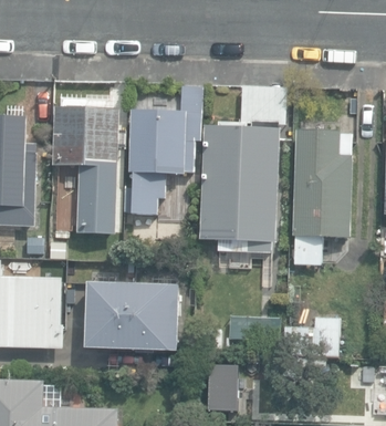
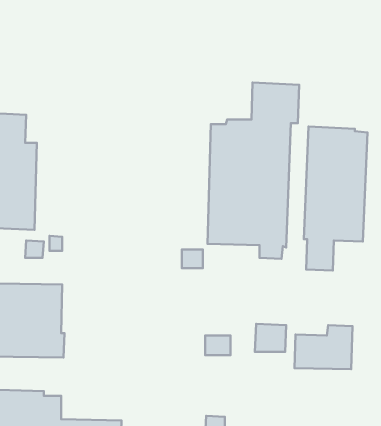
building: [129,85,201,214] -> none
building: [53,106,119,233] -> none
building: [85,280,181,349] -> none

